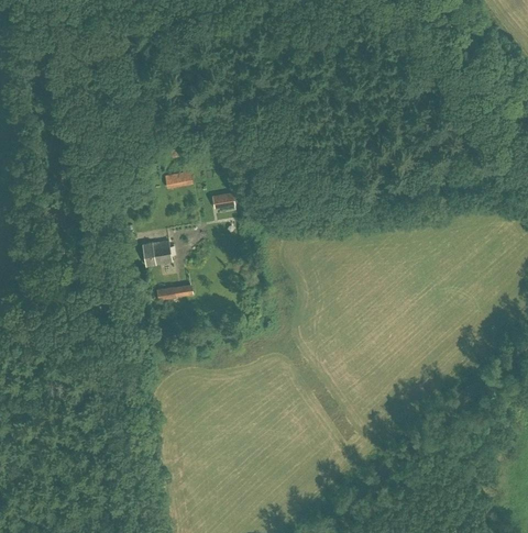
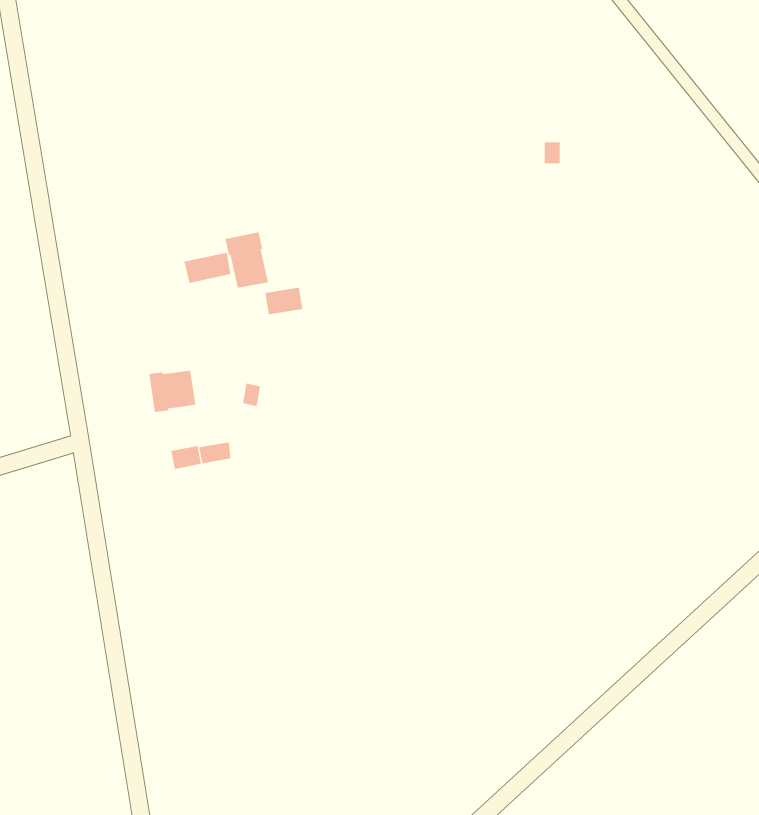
building: none -> [225,231,268,289]

